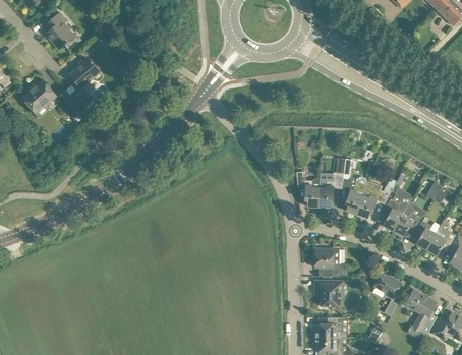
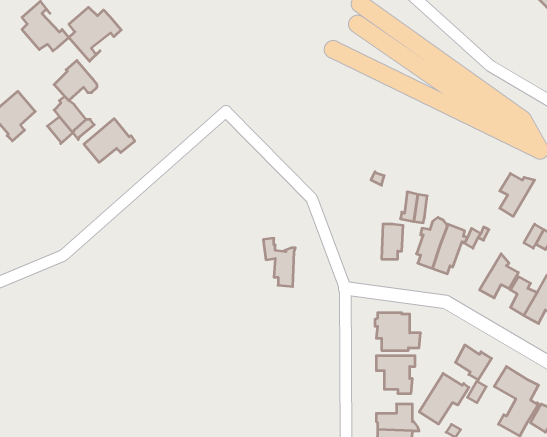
building: none -> [69,7,121,61]
building: none -> [84,119,135,162]
building: [296,170,321,206] -> [263,238,295,287]
building: [383,197,409,230] -> [500,173,535,216]
building: none -> [419,373,469,424]

